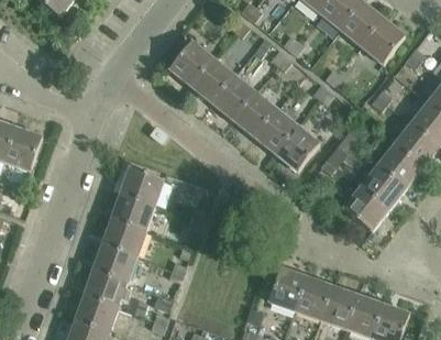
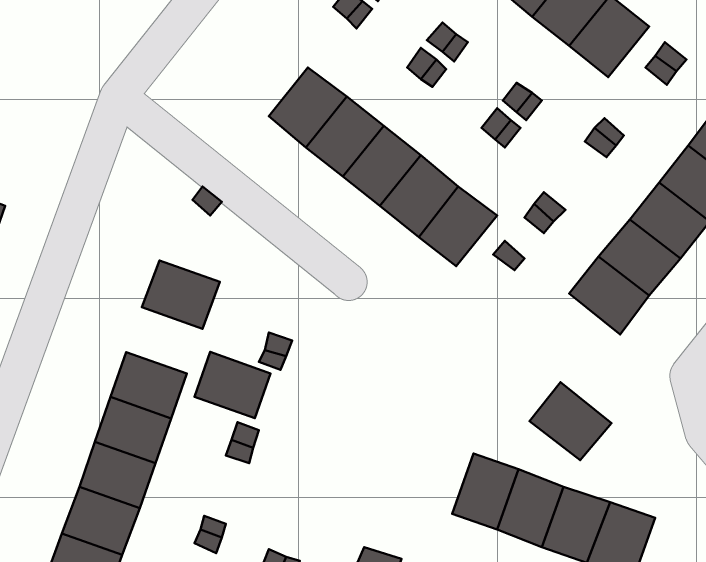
building: [168,41,212,86] -> none
building: [342,186,388,230] -> [529,382,611,460]
building: [110,194,153,231] -> [194,352,271,418]
building: [267,267,306,310] -> none

